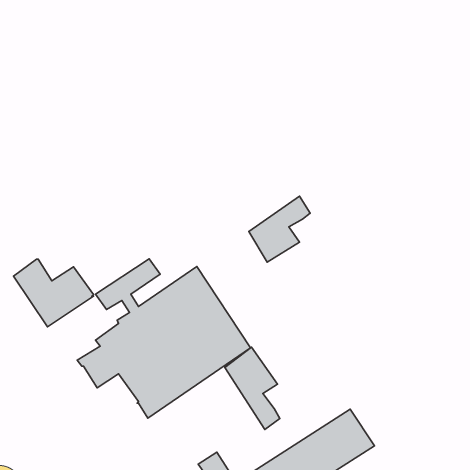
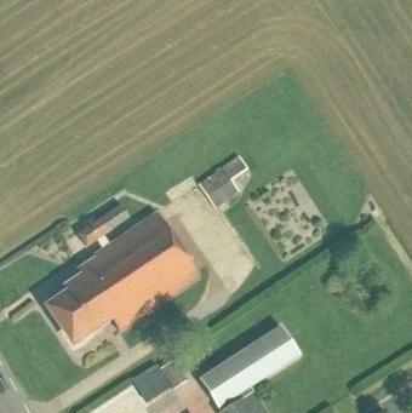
building: [14,259,93,327] -> [48,291,111,344]
building: [225,347,280,430] -> none

